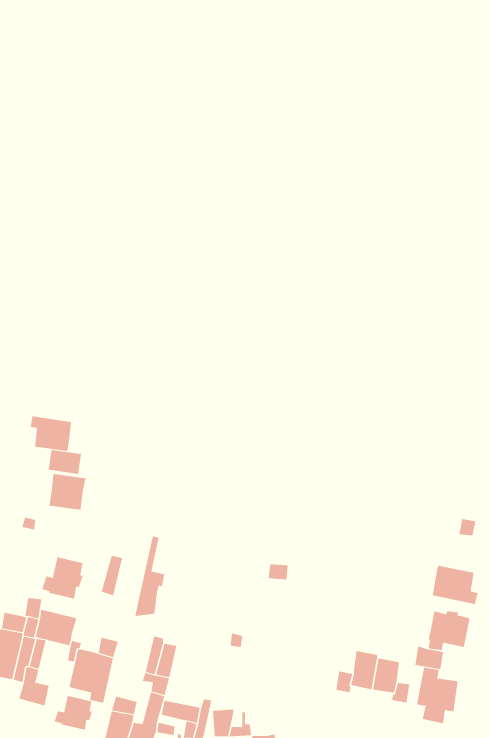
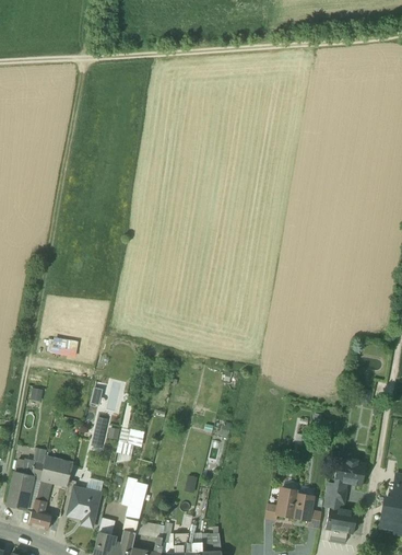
building: [30,416,71,452] -> none
building: [49,473,86,510] -> none
building: [41,556,83,599] -> none
building: [432,565,478,605] -> none
building: [54,695,92,730] -> none

